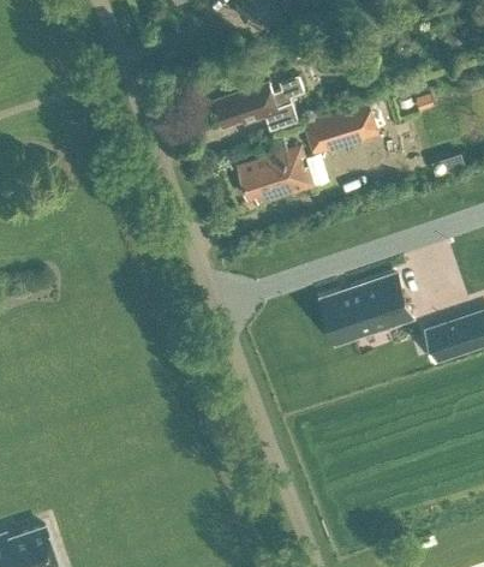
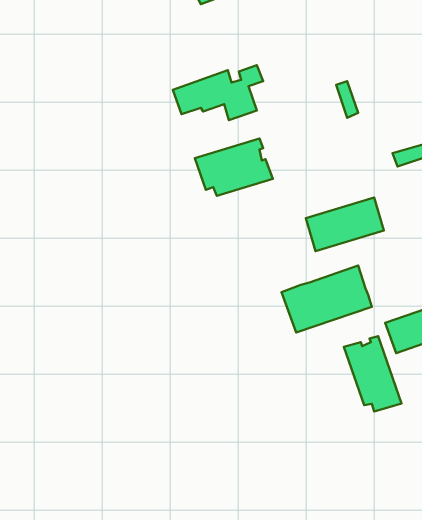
building: [300,106,377,159] -> [306,197,384,251]
building: none -> [344,336,401,412]

